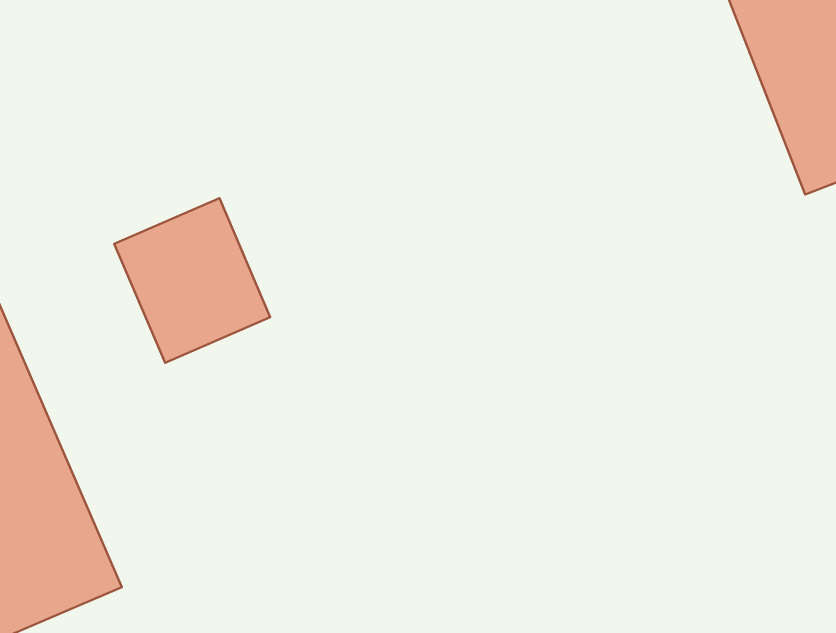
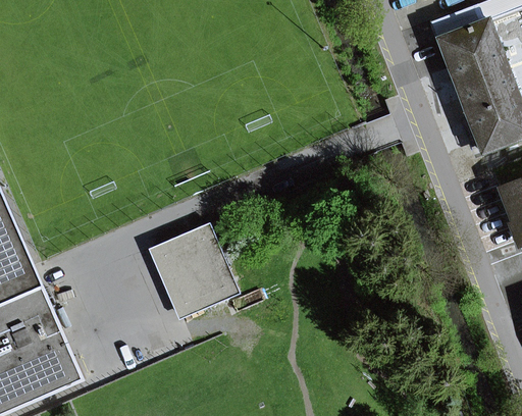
building: [114,198,270,363] -> [148,223,239,319]

